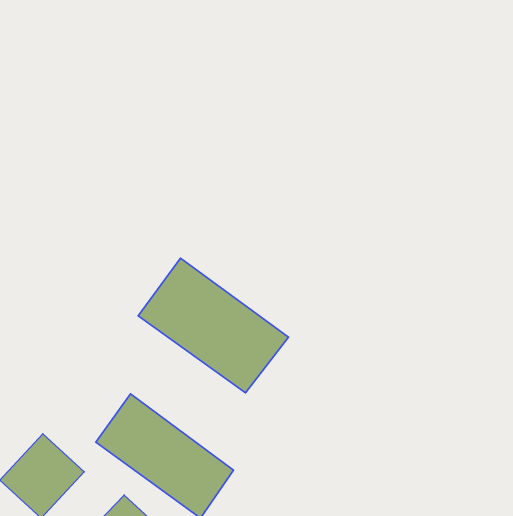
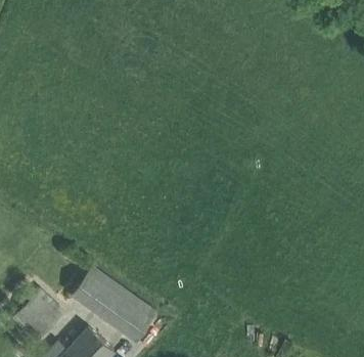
building: [138,258,288,393] -> none

